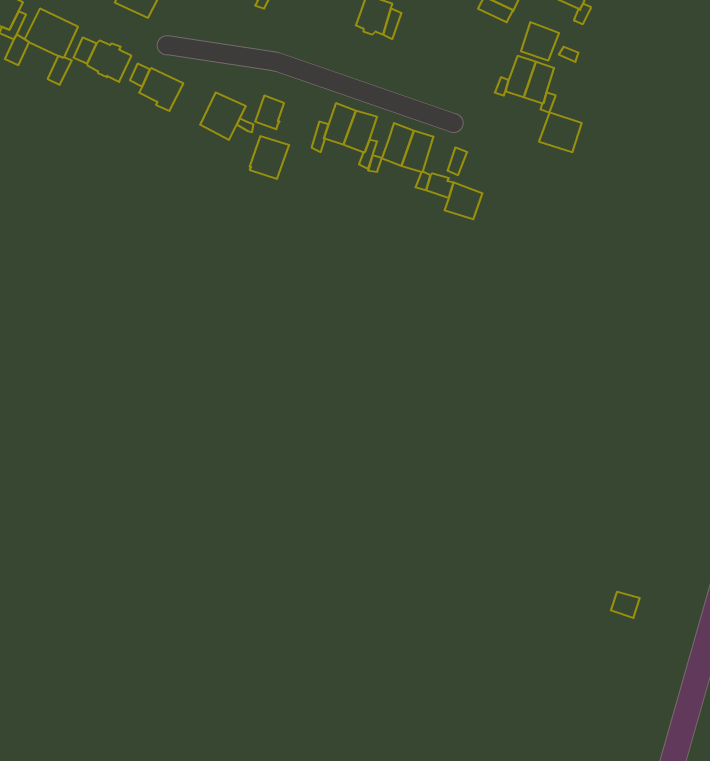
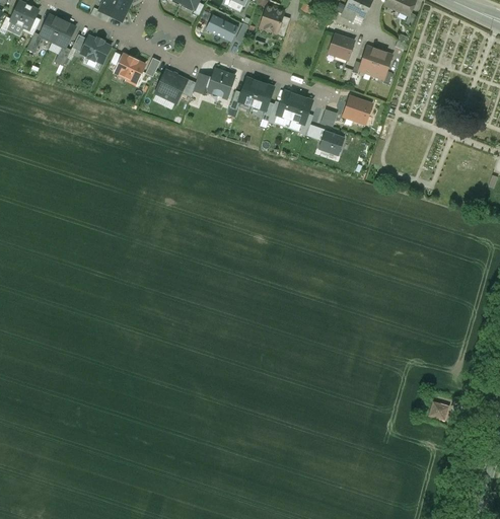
building: none -> [206,14,238,42]
building: [521,22,559,60] -> [329,33,354,59]
building: [539,112,582,152] -> [343,96,371,123]
building: [250,136,289,179] -> [208,69,234,97]

